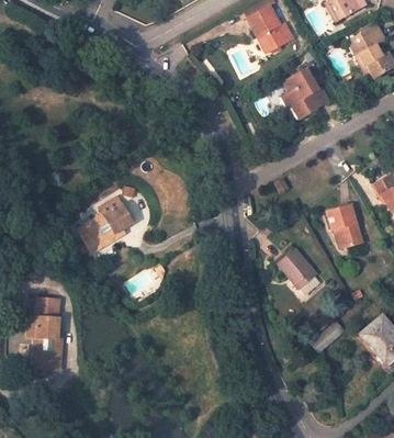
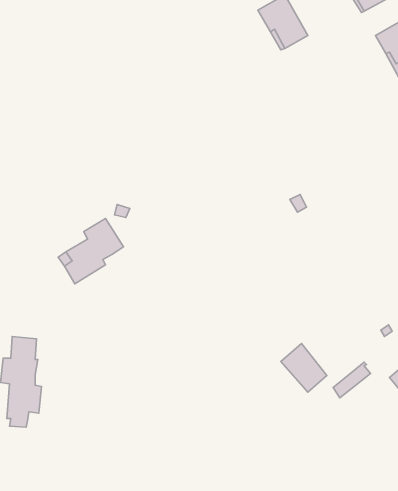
building: [282,68,329,117] -> none
building: [327,204,362,247] -> none
building: [277,247,316,289] -> [281,344,327,392]

